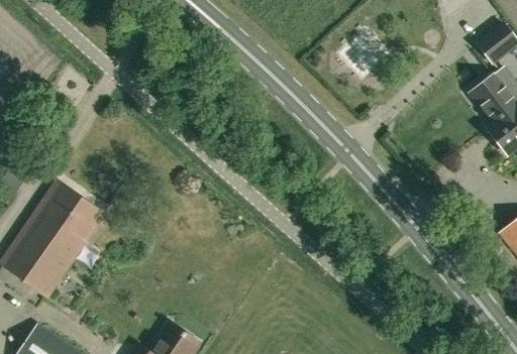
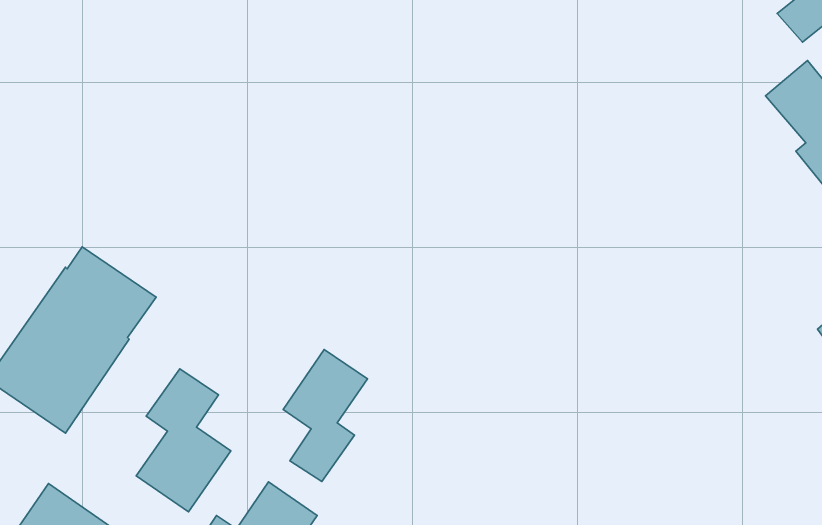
building: none -> [283,350,367,482]
building: none -> [136,369,231,512]

